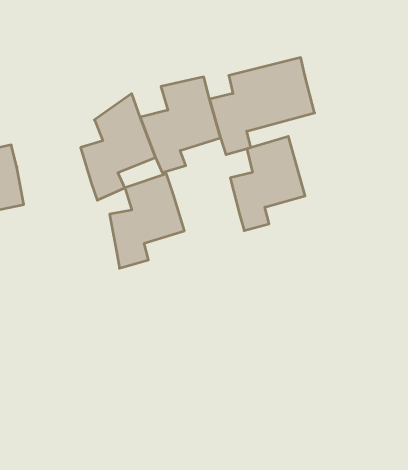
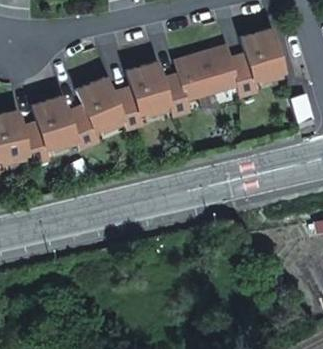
building: [230,136,305,231] -> [231,29,285,97]
building: [110,174,184,268] -> [23,96,77,164]

